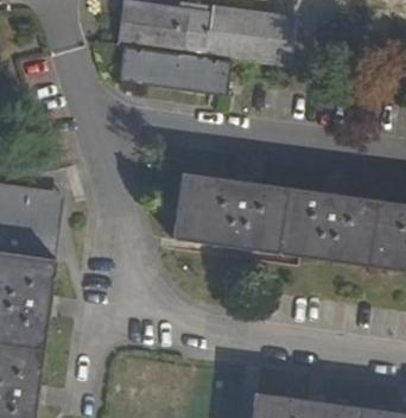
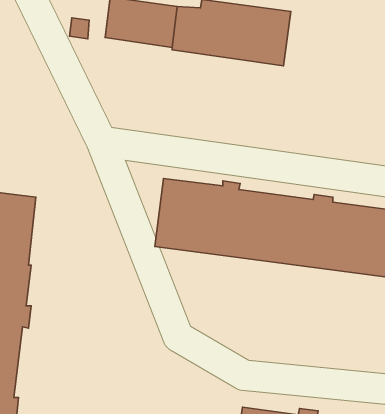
building: [116,46,227,87] -> none

